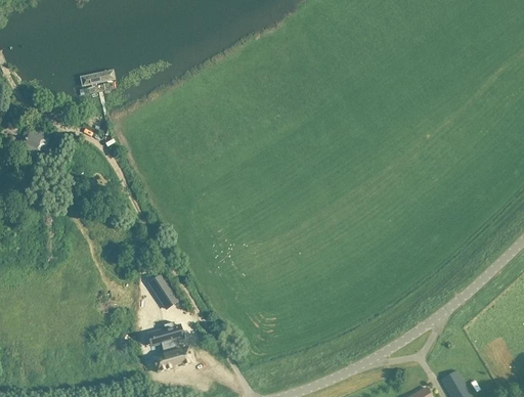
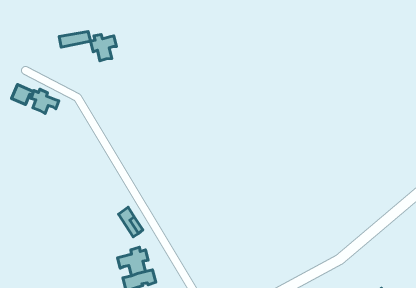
building: none -> [91,34,116,61]
building: none -> [31,89,59,113]

